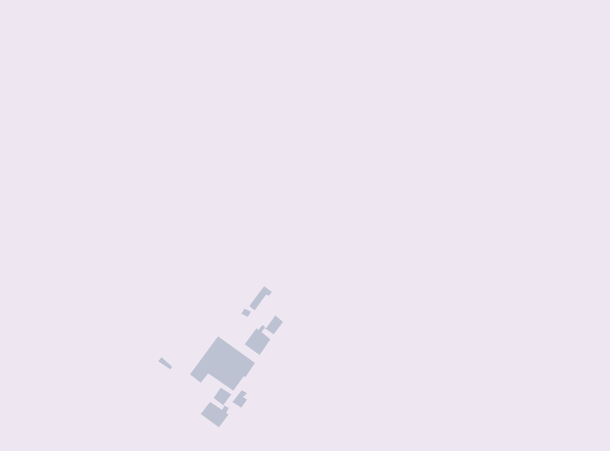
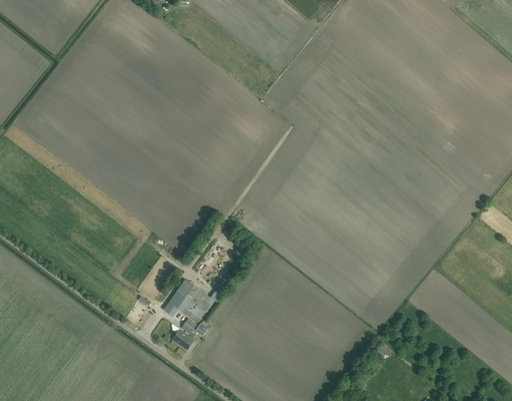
building: [244,314,284,356] -> none

